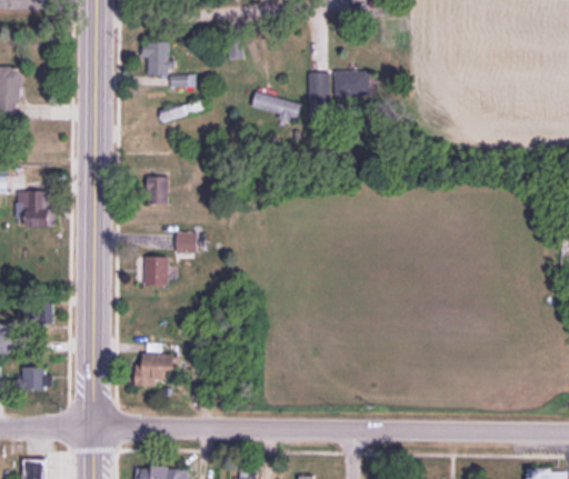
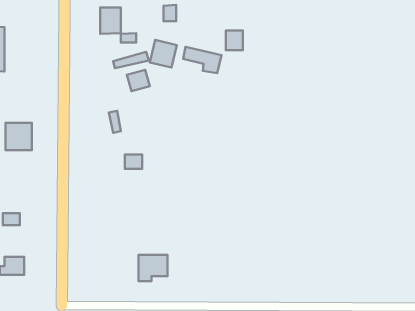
building: [332,70,369,96] -> none
building: none -> [150,40,177,68]
building: none -> [127,70,150,91]
building: [146,256,169,287] -> none
building: [139,352,177,387] -> [139,255,168,281]

